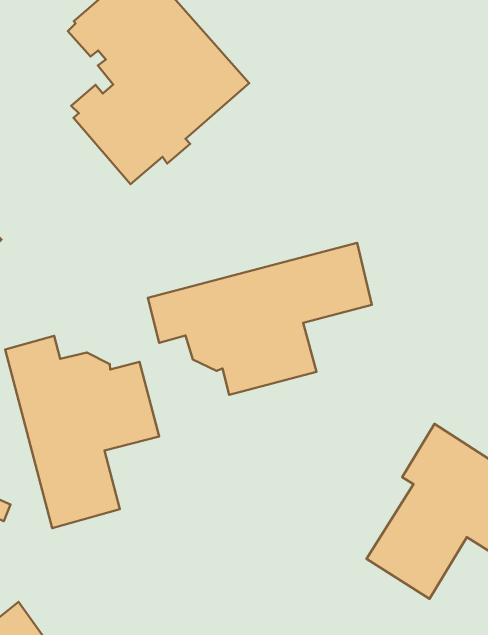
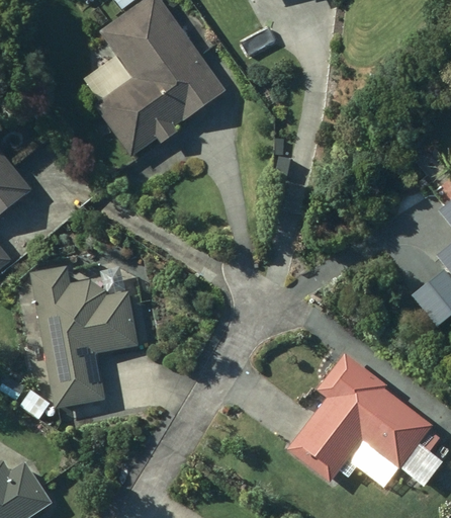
building: [148,243,372,395] -> none

